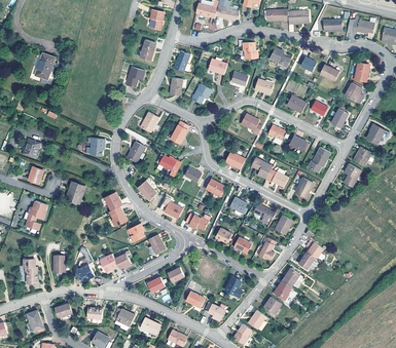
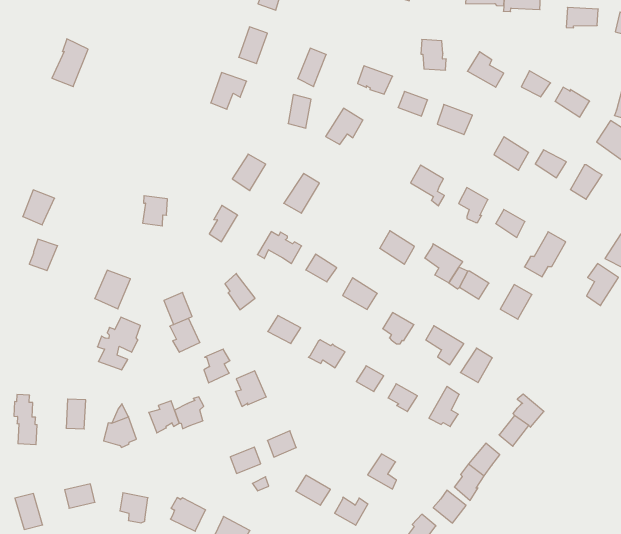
building: [24,200,47,230] -> [97,317,140,370]

